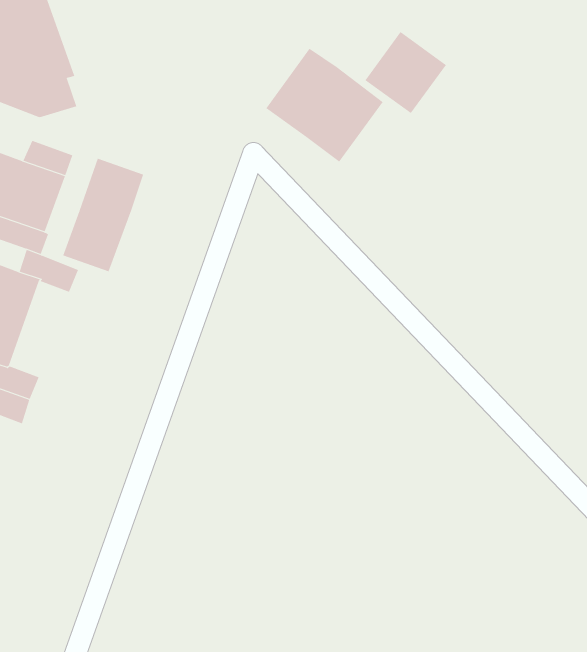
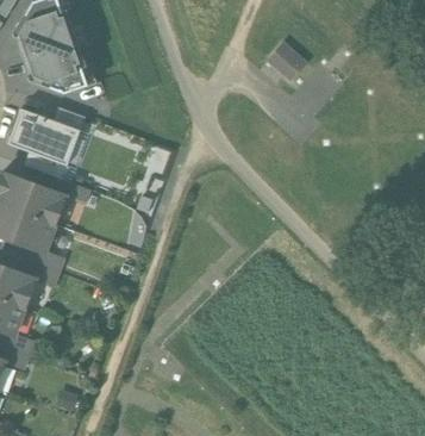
building: [265,48,383,163] -> none
building: [62,158,144,272] -> none

